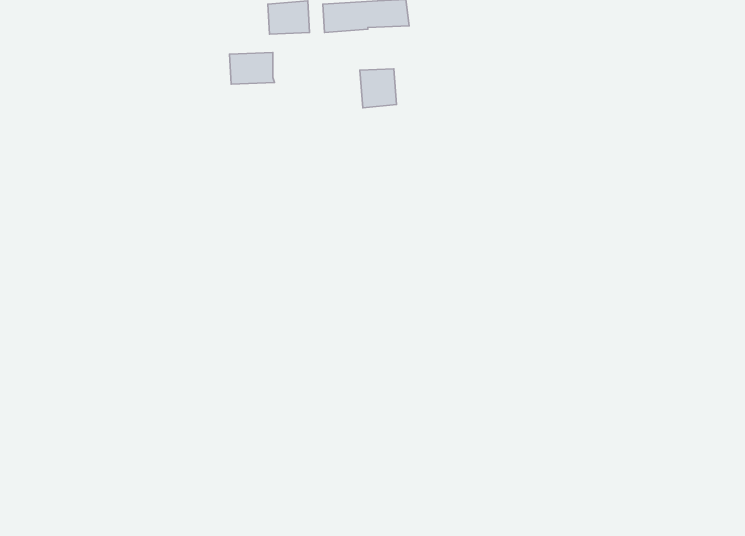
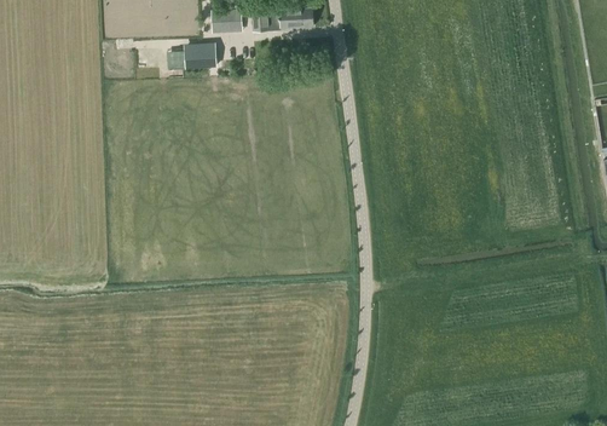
building: [360,69,397,108] -> none

